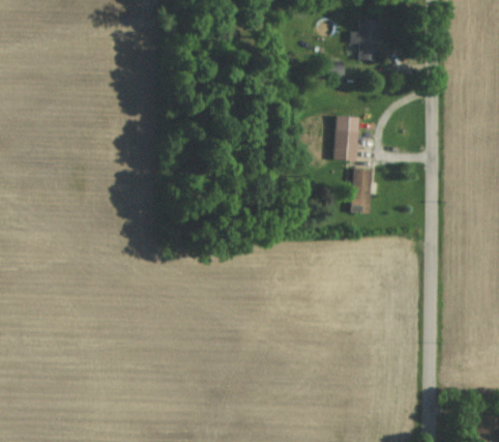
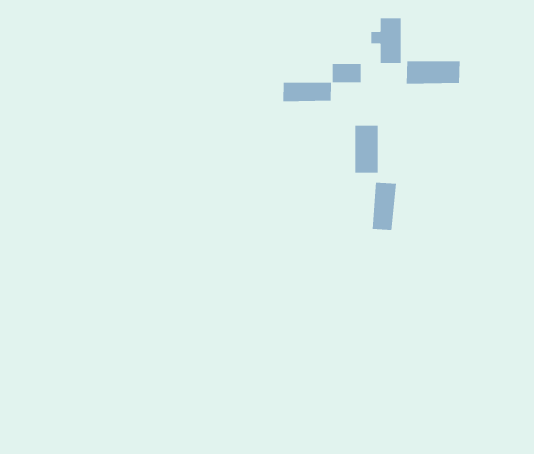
building: none -> [406,60,460,85]
building: none -> [283,82,332,102]

